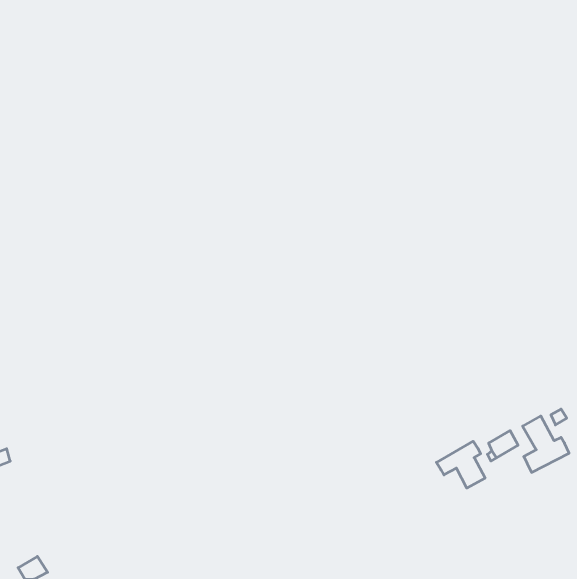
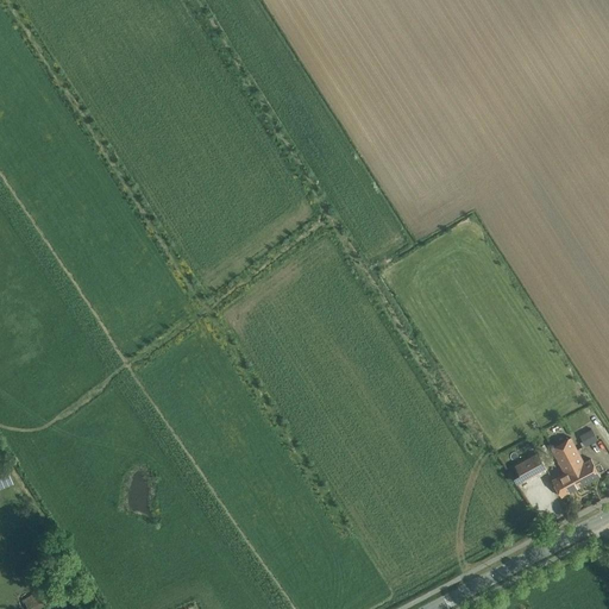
building: [436,441,485,488] -> none

